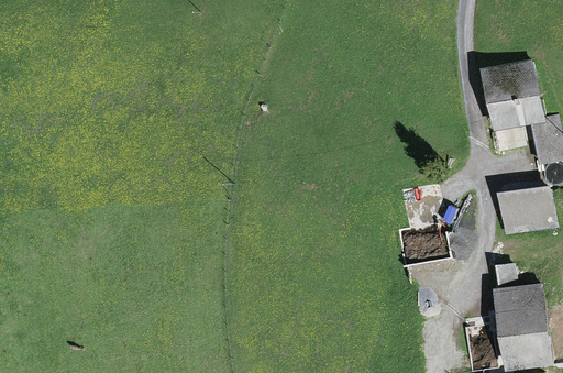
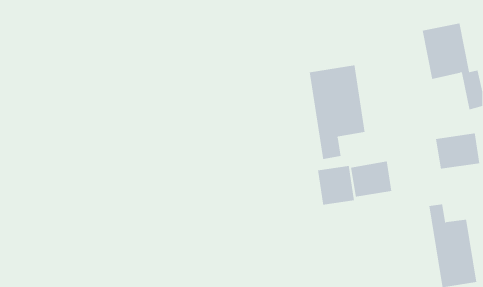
building: none -> [309,65,365,160]
building: none -> [317,165,355,205]

